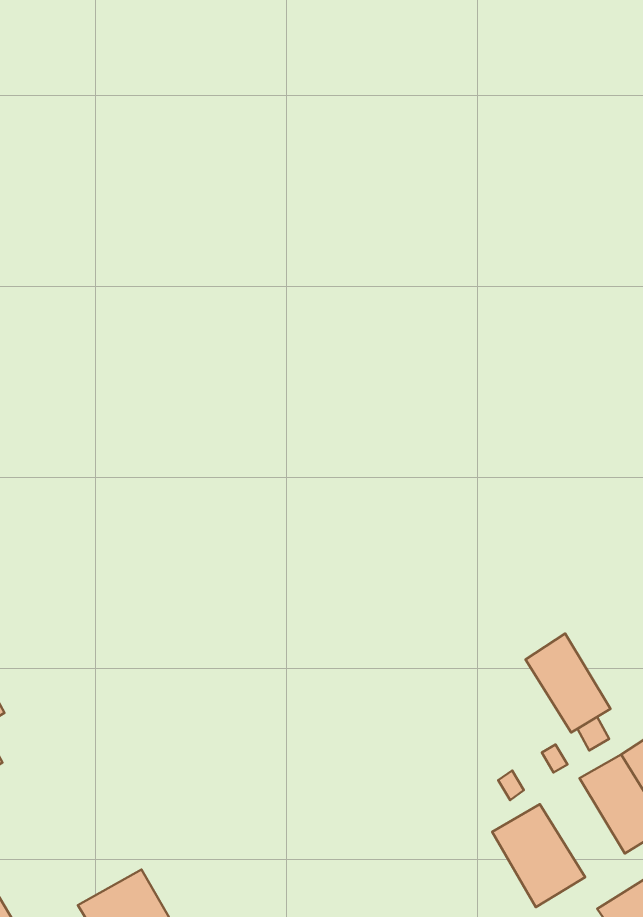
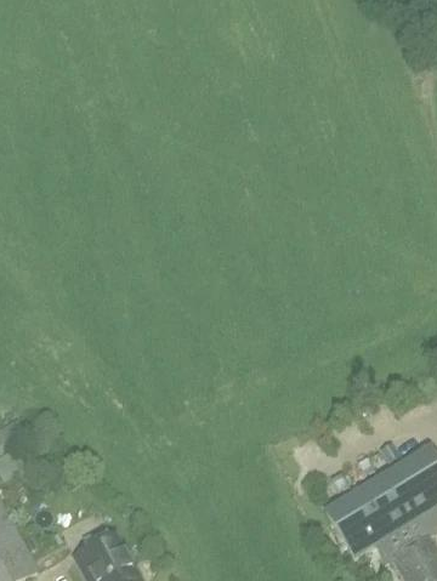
building: [525,634,611,733] -> [356,478,408,539]

